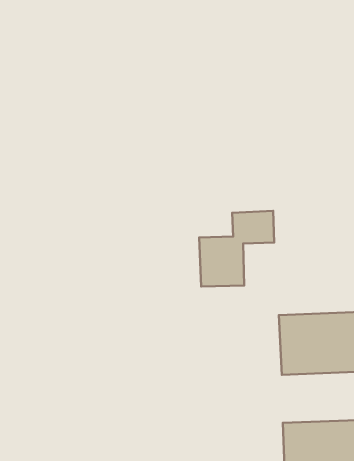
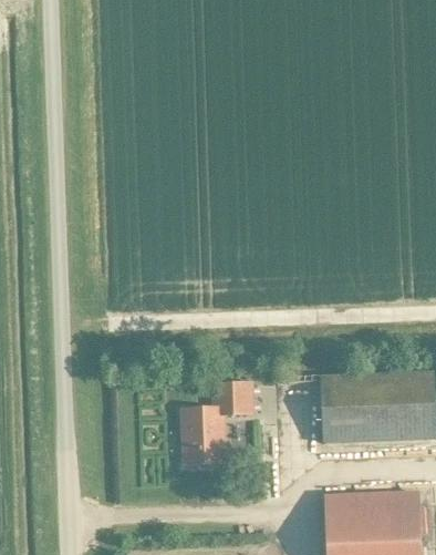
building: [199,211,274,286] -> [181,379,264,463]

